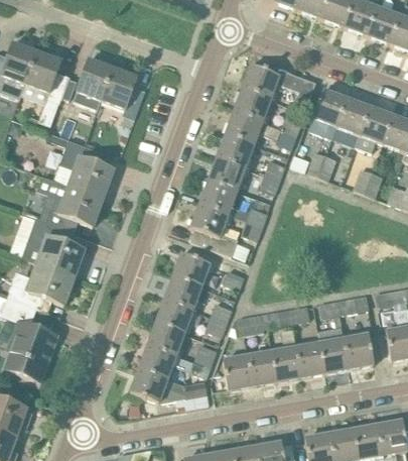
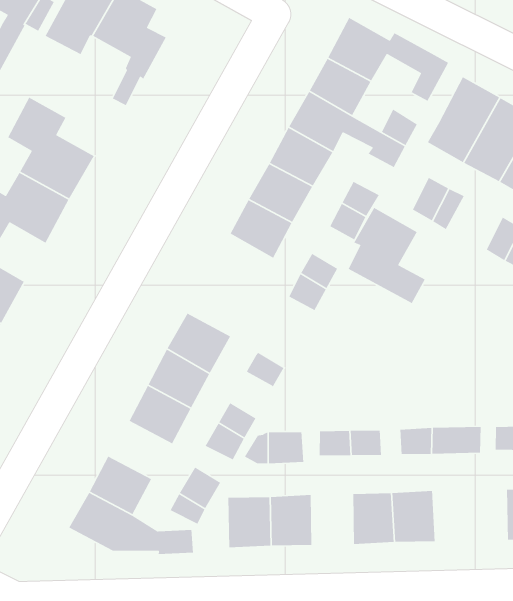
building: [189,203,237,257] -> [347,207,426,304]
building: [147,323,184,355] -> none
building: [271,330,300,380] -> none
building: [343,333,373,367] -> none

